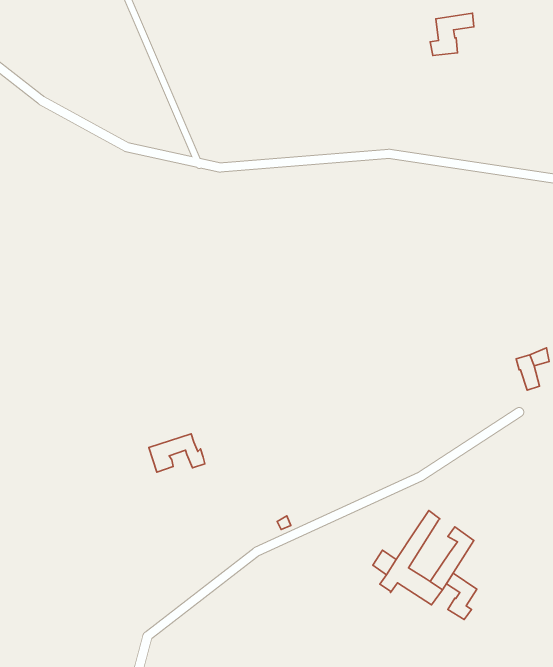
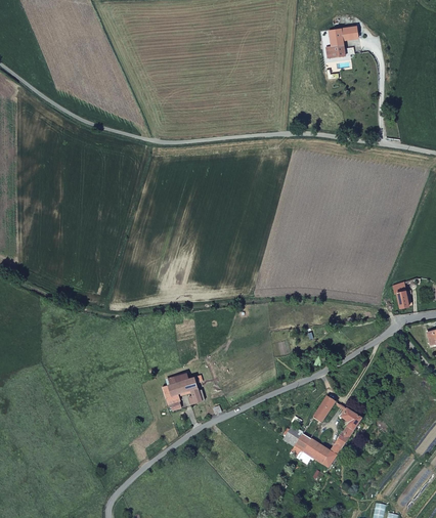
building: [149,434,205,472] -> [162,376,204,404]
building: [447,573,477,619] -> none

